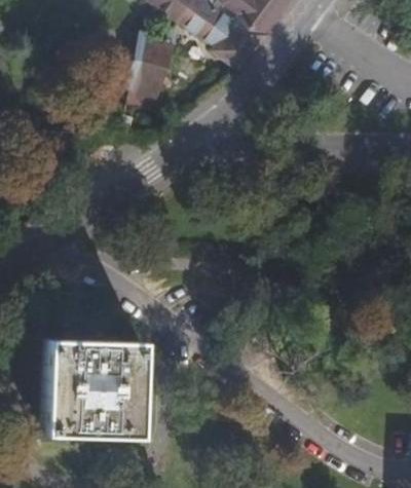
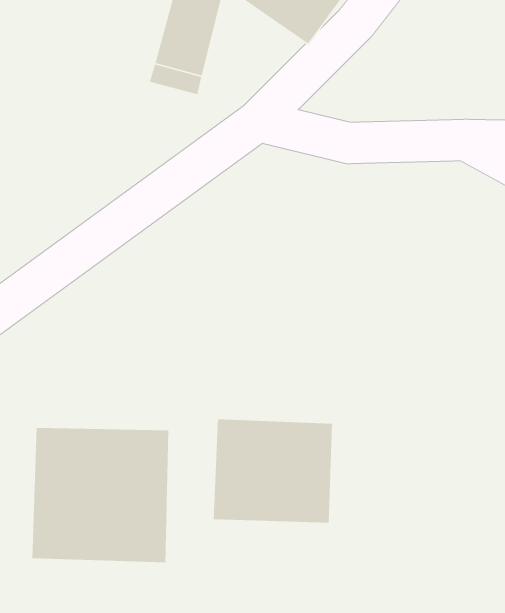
building: none -> [213,418,333,524]

